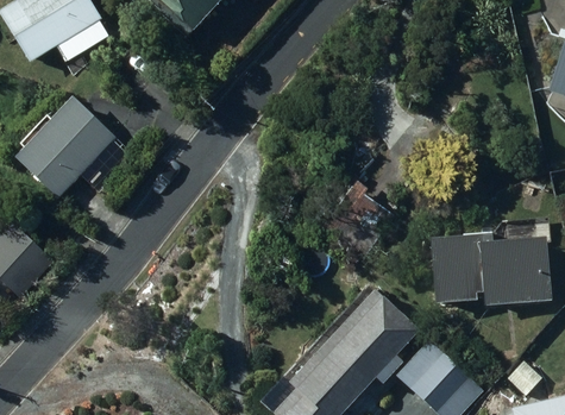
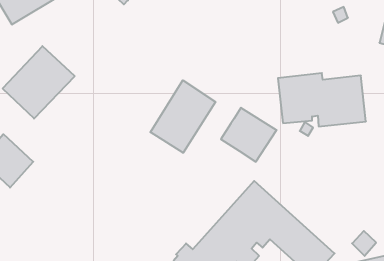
building: none -> [150,80,215,153]
building: [427,232,553,308] -> [278,73,366,126]

